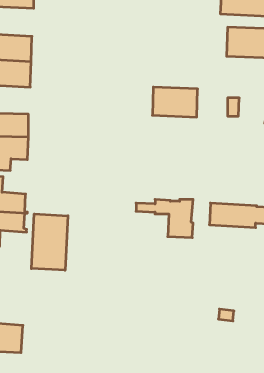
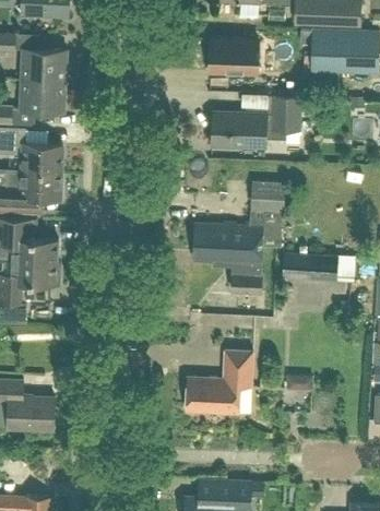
building: none -> [209,38,257,74]
building: none -> [272,96,299,131]
building: none -> [191,182,282,253]
building: [31,214,68,270] -> none
building: none -> [185,350,252,414]

